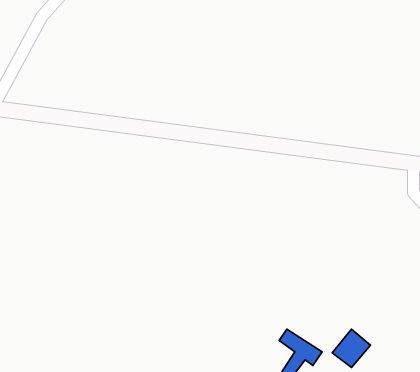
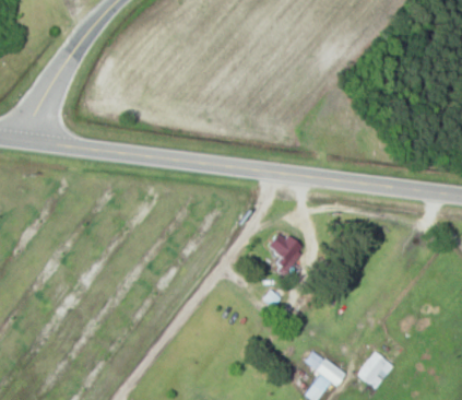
building: none -> [264,230,304,269]

